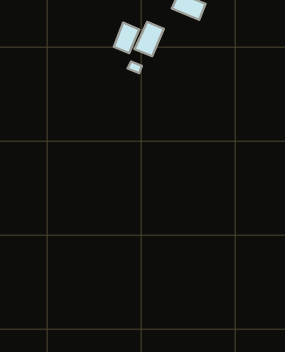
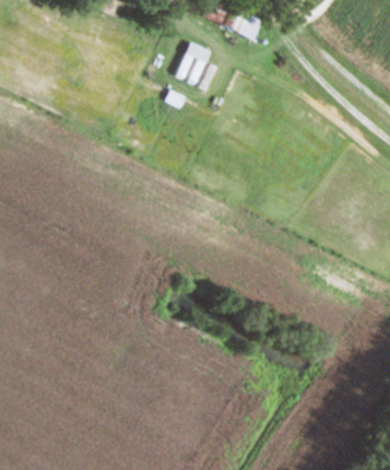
building: [114,23,139,53] -> none

